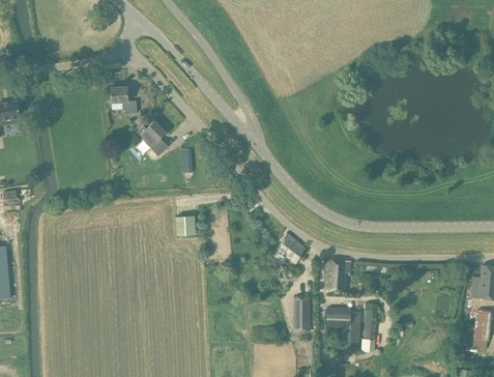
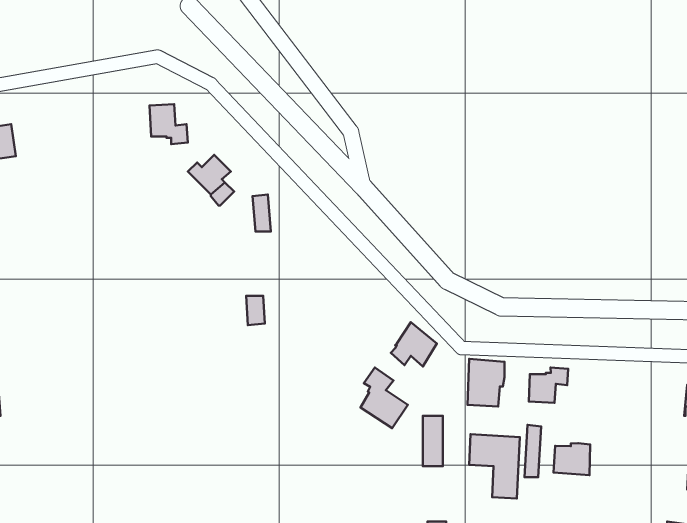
building: none -> [529,367,568,403]
building: none -> [361,367,408,428]
building: none -> [554,443,590,475]

